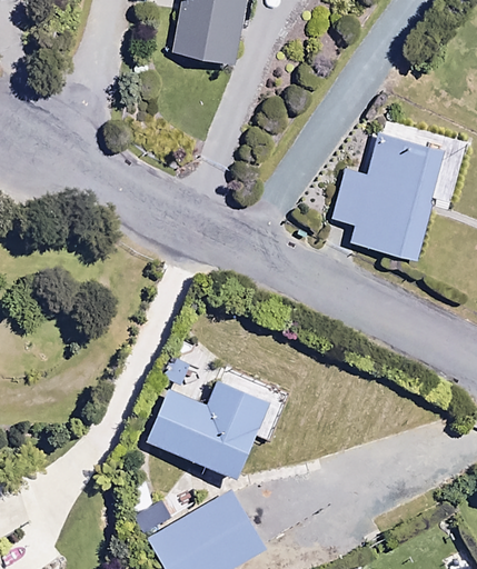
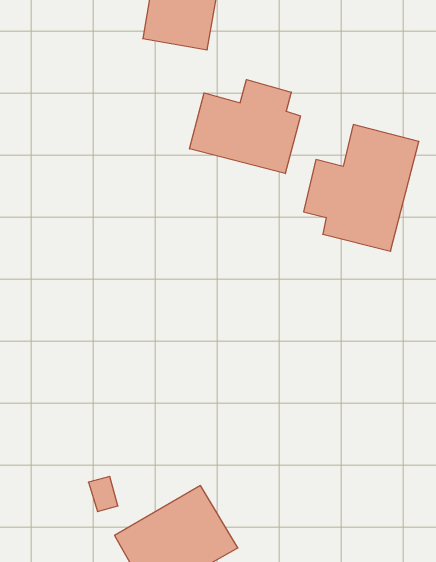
building: none -> [190,80,301,174]
building: [147,385,266,479] -> none

